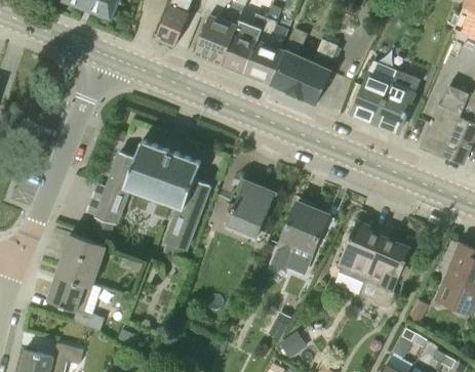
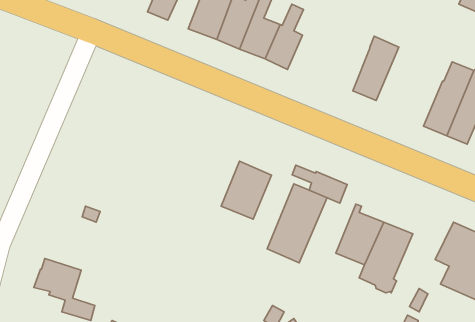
building: [290,34,340,104] -> none
building: [375,71,420,132] -> none
building: [86,140,210,259] -> none
building: none -> [292,165,347,203]
building: [57,234,106,285] -> none

